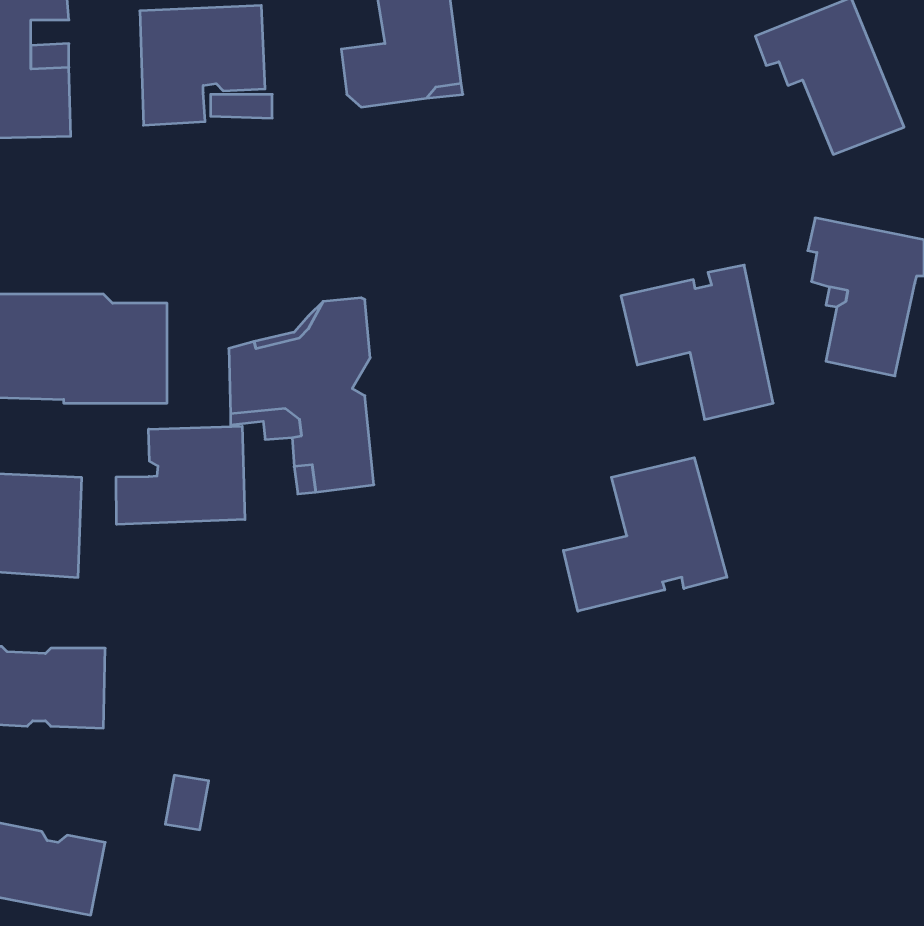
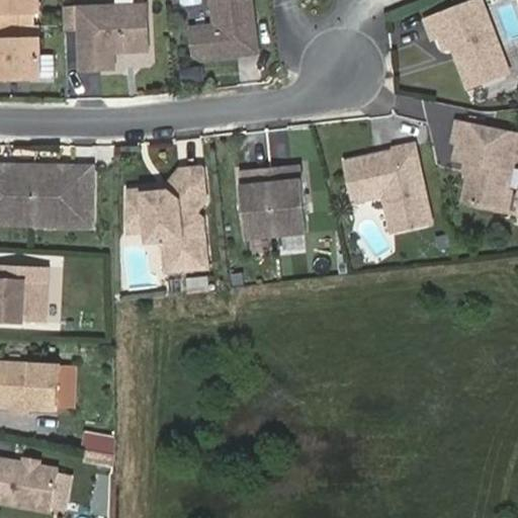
building: none -> [240,169,309,240]
building: [116,426,245,524] -> none
building: [563,458,727,611] -> none

